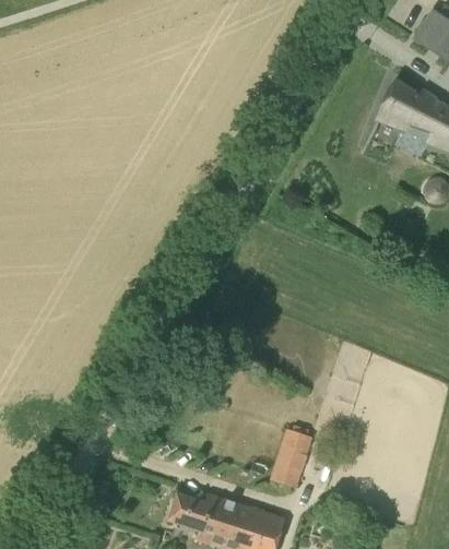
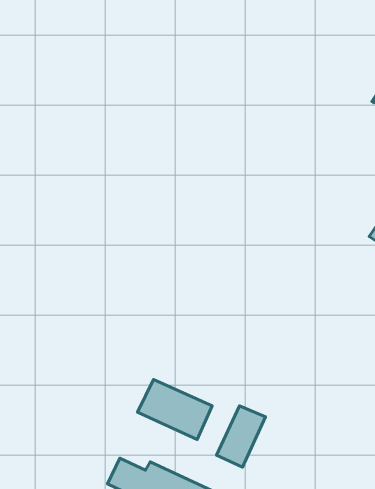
building: none -> [138,380,212,440]

